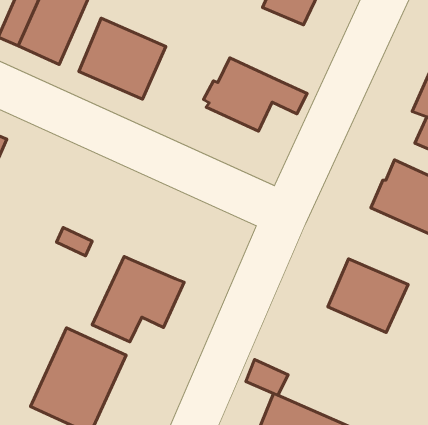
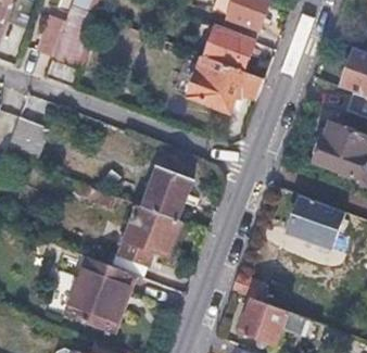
building: none -> [204,26,253,72]
building: [79,18,166,99] -> none
building: none -> [141,167,189,219]

